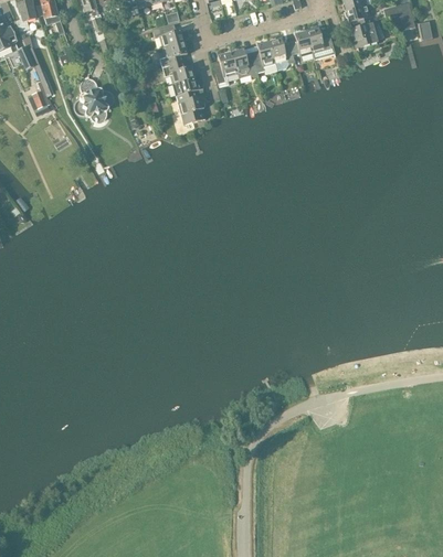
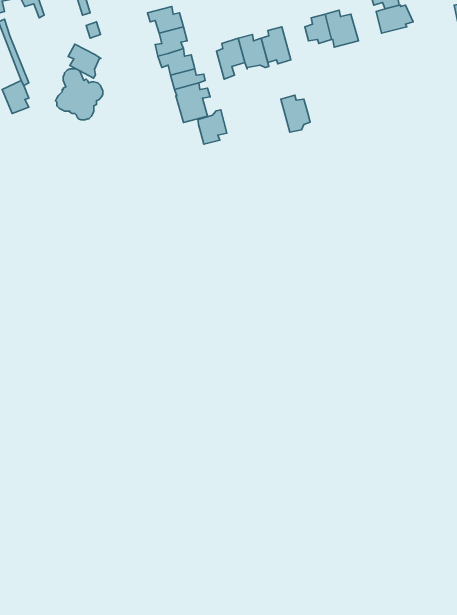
building: [270,36,295,68] -> [281,95,310,132]
building: none -> [68,44,101,78]
building: none -> [198,110,227,144]

